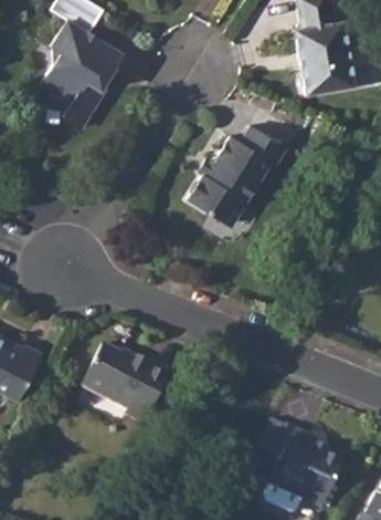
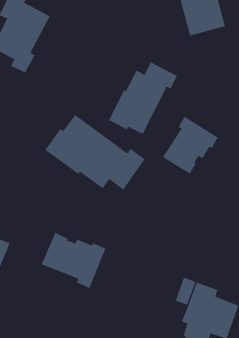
building: none -> [45,114,146,191]
building: none -> [162,116,219,175]

